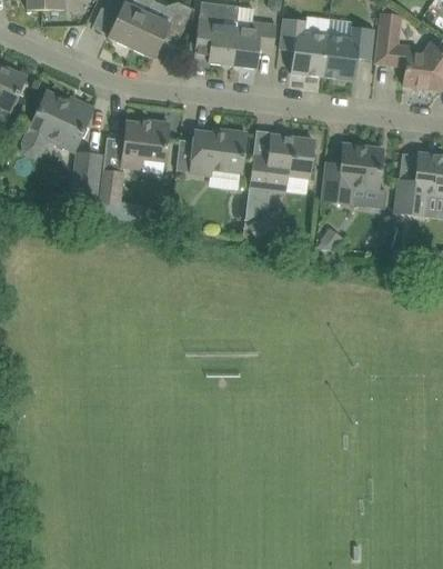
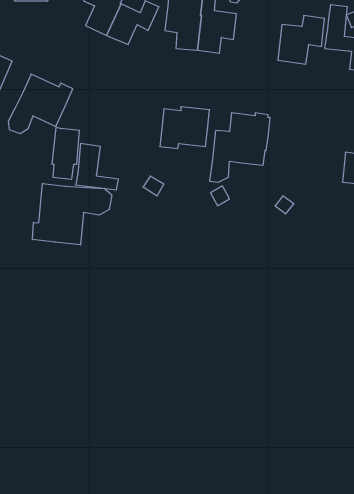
building: [279,18,328,76] -> none
building: [122,120,170,170] -> none
building: [322,143,385,208] -> none
building: none -> [32,183,112,245]

